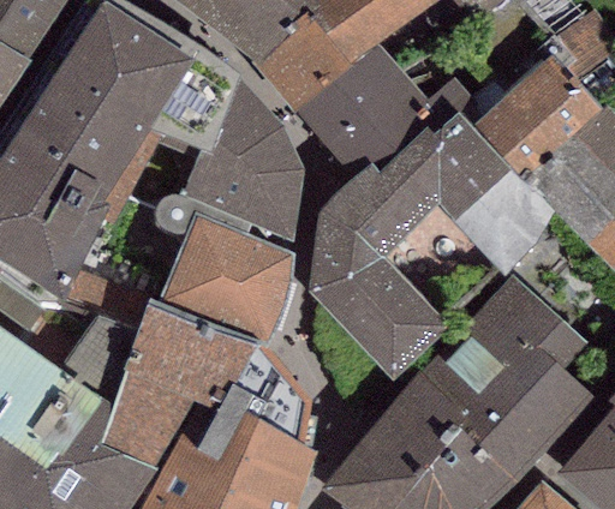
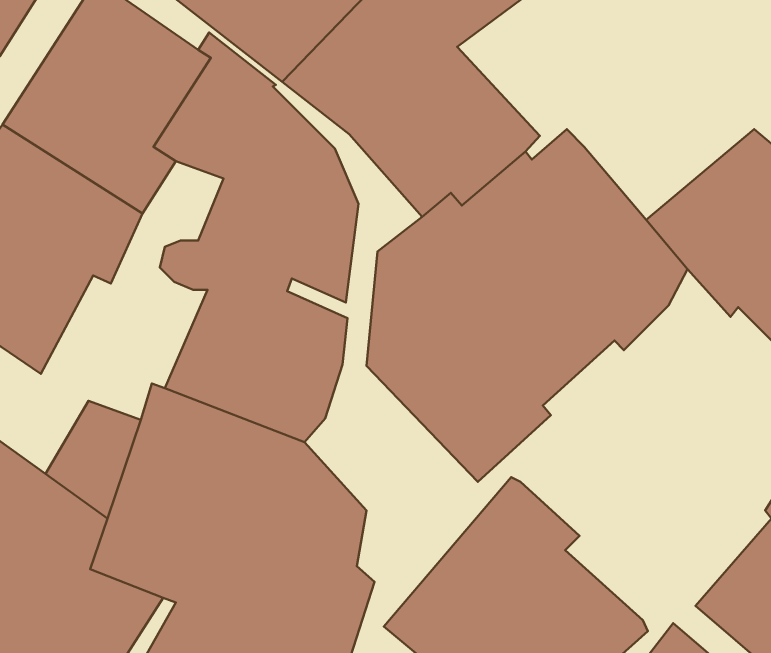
building: [472,53,601,176] -> none
building: [424,276,593,479] -> none

